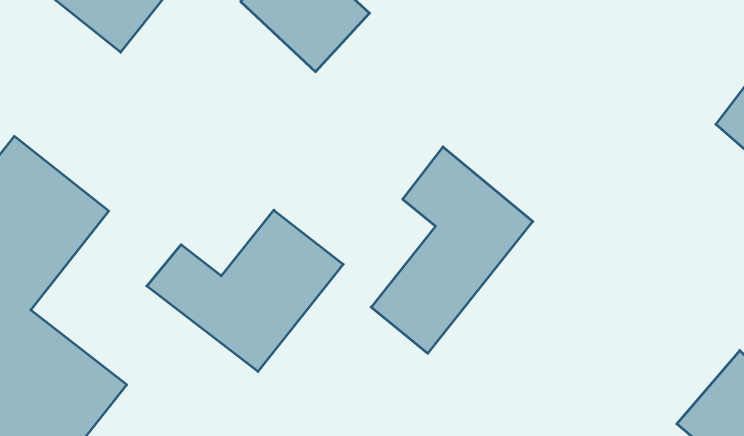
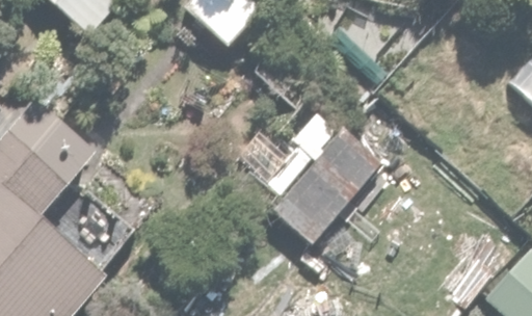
building: [147,210,343,372] -> none

